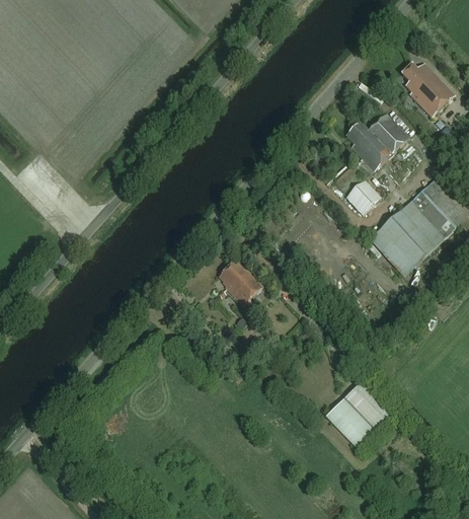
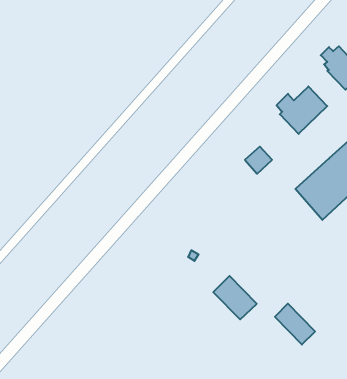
building: [345,180,379,214] -> [245,147,272,174]
building: [218,260,261,304] -> none
building: [323,396,377,450] -> [213,276,257,319]

